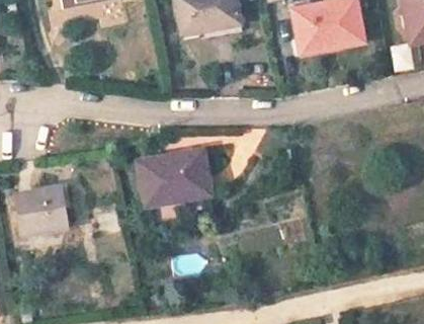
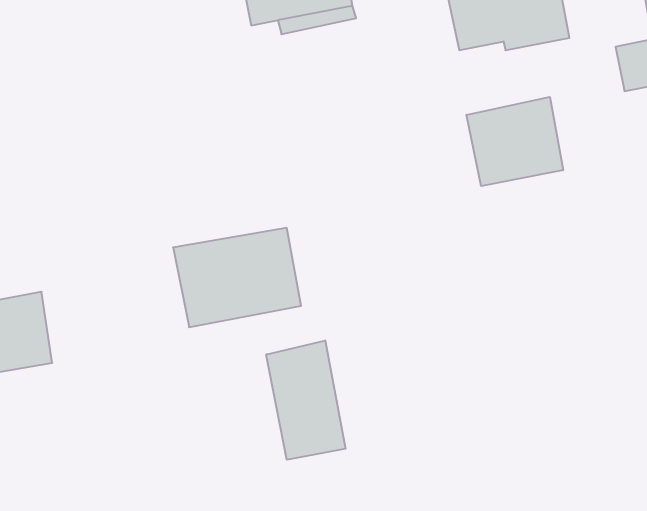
building: none -> [466,97,563,186]
building: none -> [266,340,345,460]

